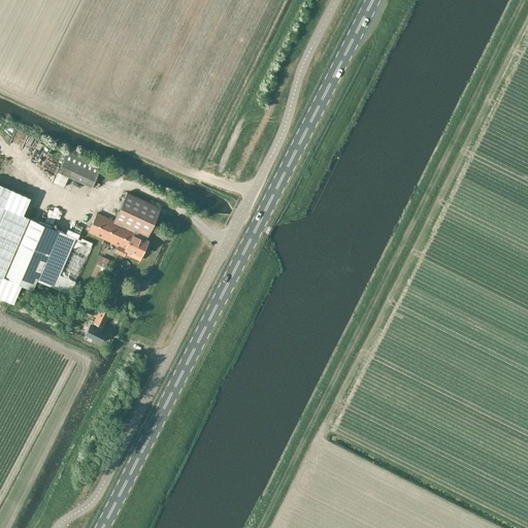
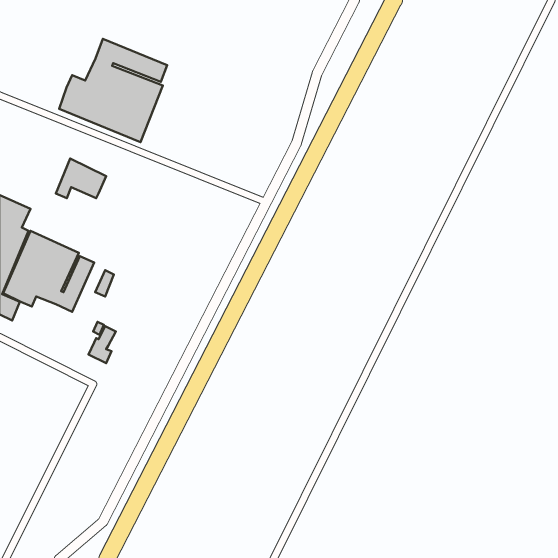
building: none -> [59,39,167,142]
building: [87,193,160,260] -> none

